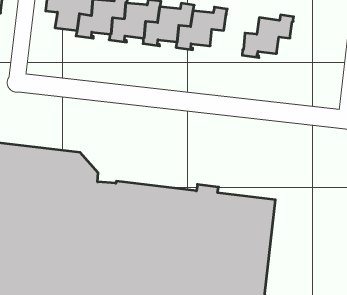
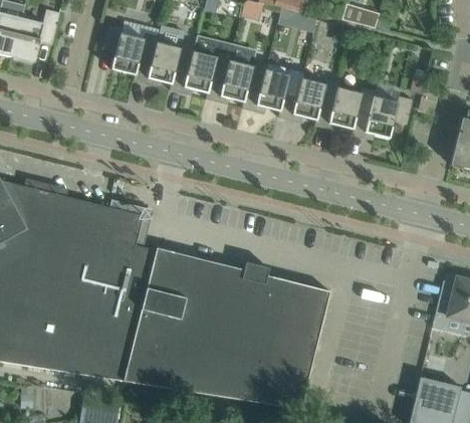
building: none -> [278,76,340,121]
building: none -> [350,94,413,139]

